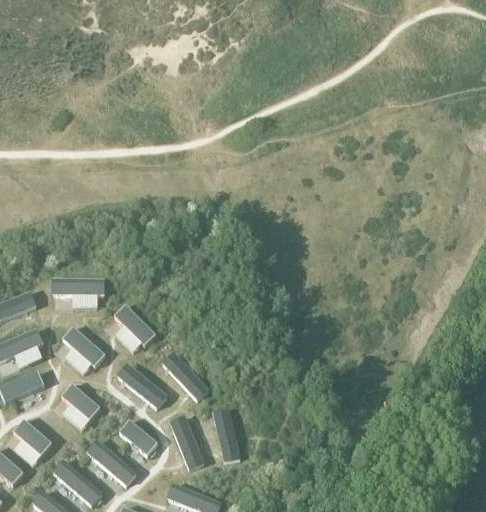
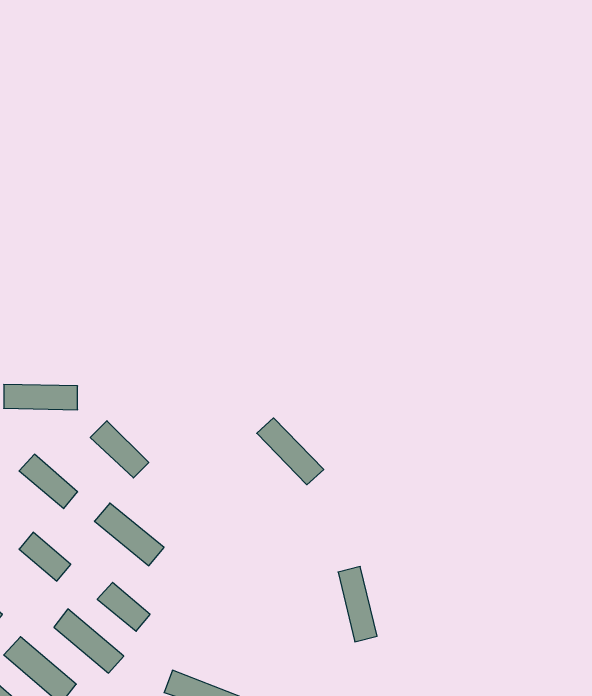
building: [161,352,209,400] -> [257,418,324,485]
building: [212,408,240,462] -> [338,567,377,642]
building: [169,416,204,471] -> none

